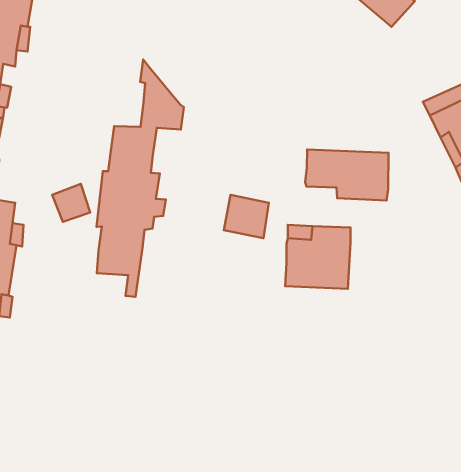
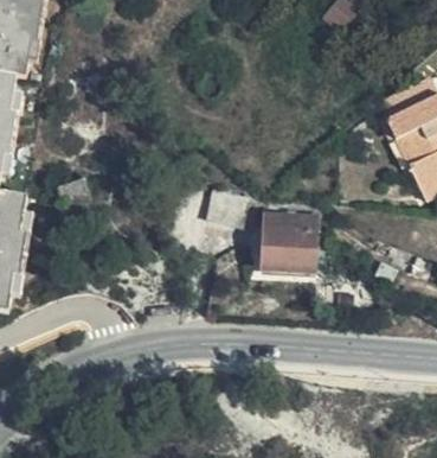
building: [96,59,184,297] -> none
building: [305,149,389,201] -> none

